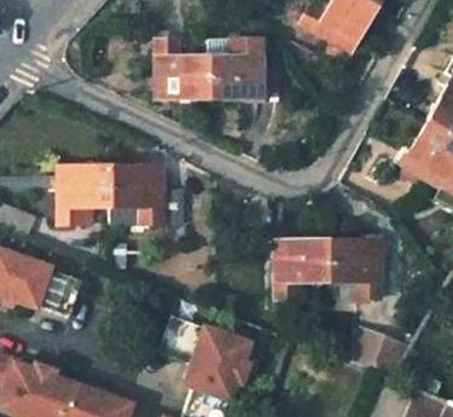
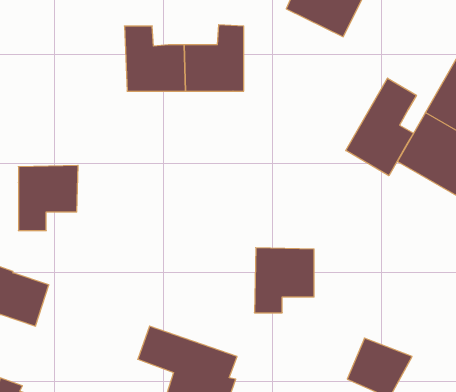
building: none -> [346,78,416,176]
building: [106,168,186,226] -> none
building: [323,244,378,302] -> none

